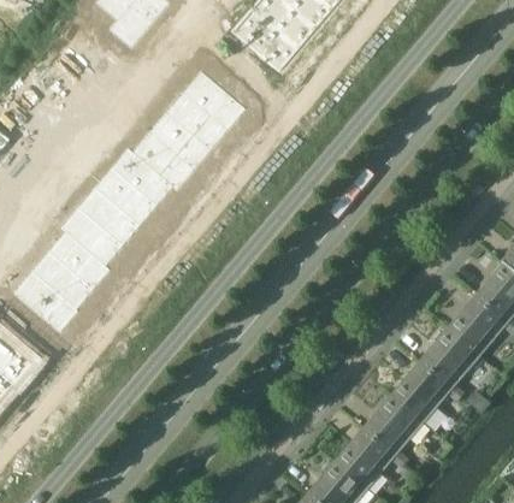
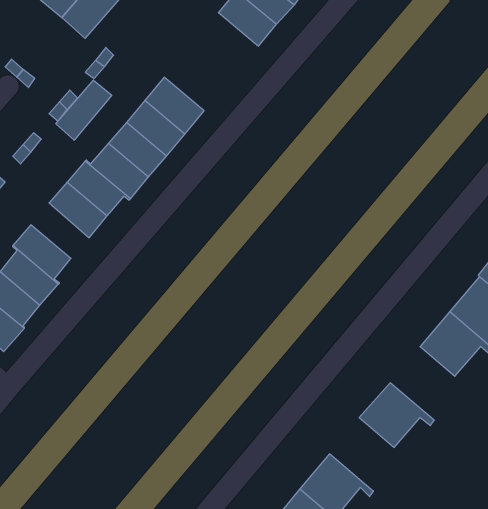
building: [240,17,295,70] -> none
building: none -> [56,80,112,140]
building: [83,194,137,245] -> none
building: [418,327,478,396] -> none
building: [361,393,421,462] -> none

